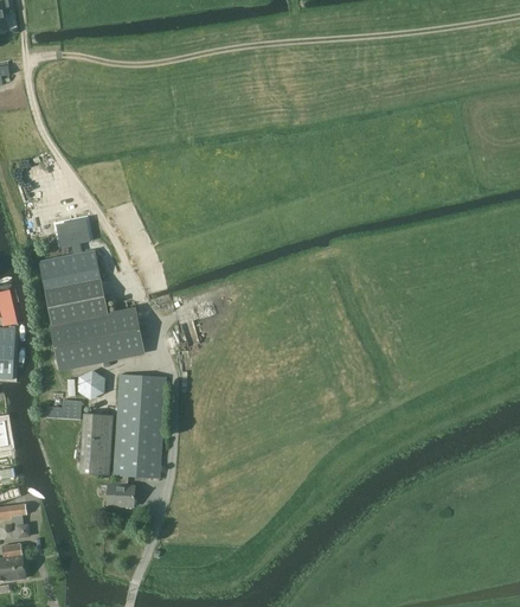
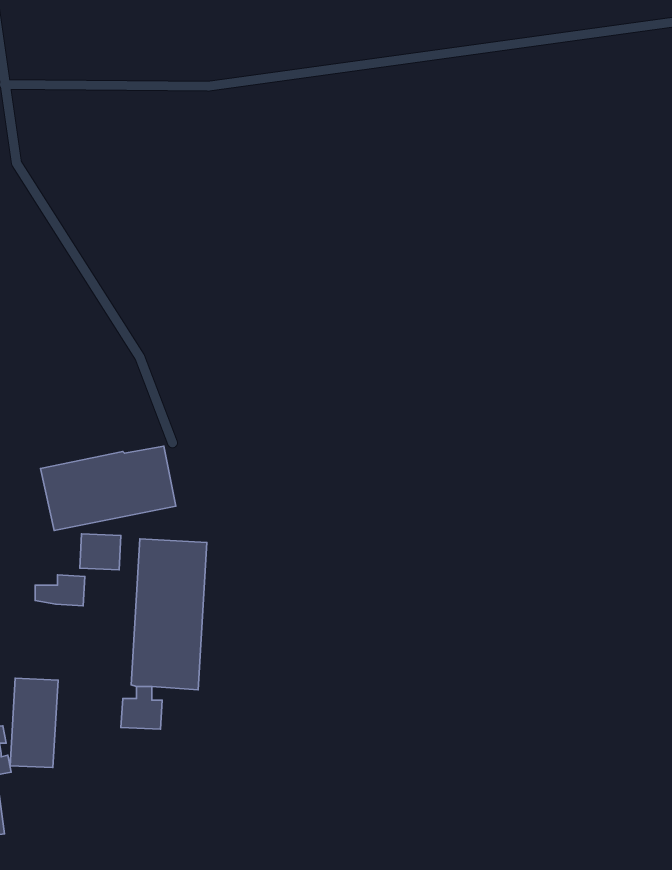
building: [54,216,92,245] -> none
building: [38,250,107,326] -> none
building: [78,414,111,475] -> [10,678,58,767]

